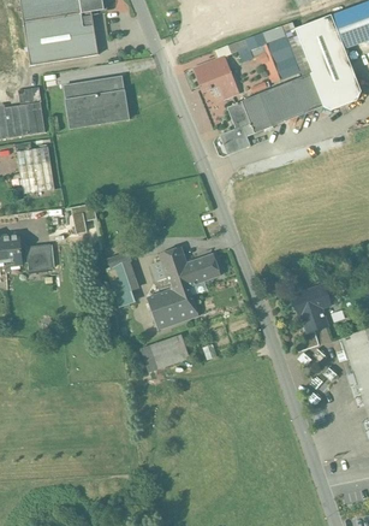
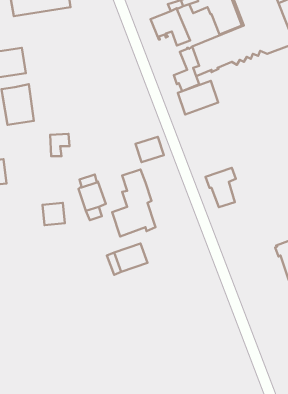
building: [64,76,129,128] -> none
building: none -> [178,81,218,115]
building: [26,243,53,270] -> [42,203,65,225]
building: [186,253,220,283] -> [135,137,164,162]
building: [292,284,328,331] -> [206,168,236,207]

